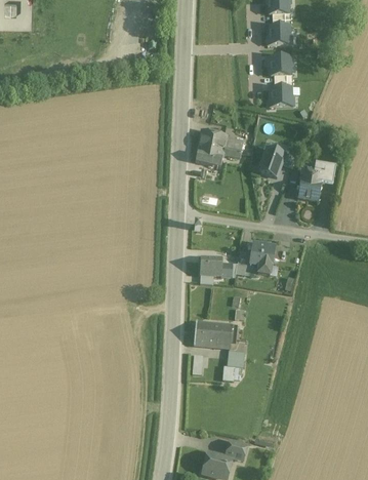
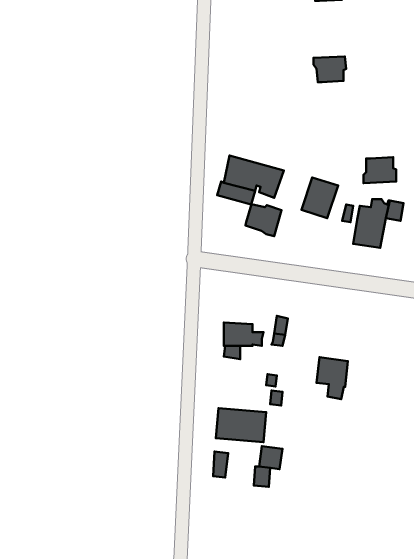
building: [267,25,291,44] -> none
building: [269,86,293,106] -> [363,157,396,183]
building: none -> [245,204,281,236]
building: [251,243,275,275] -> [317,357,348,399]

